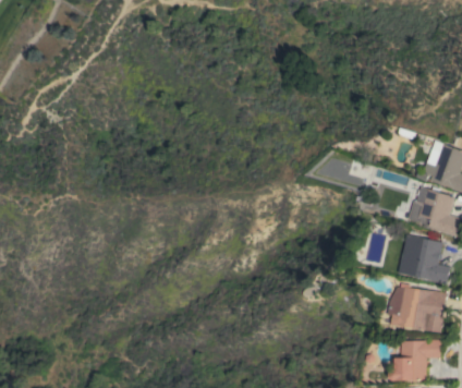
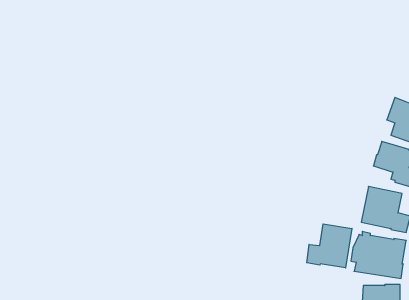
building: none -> [307,224,352,268]

